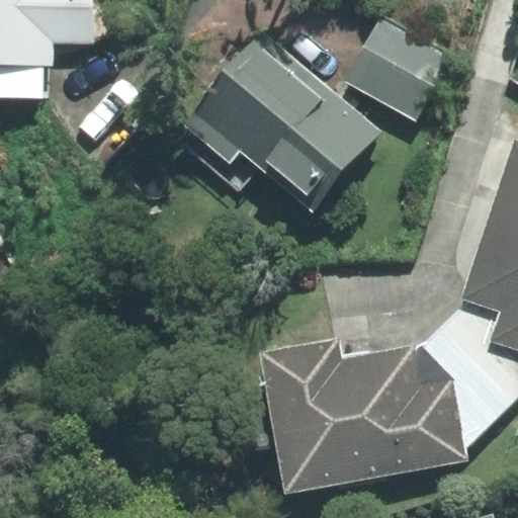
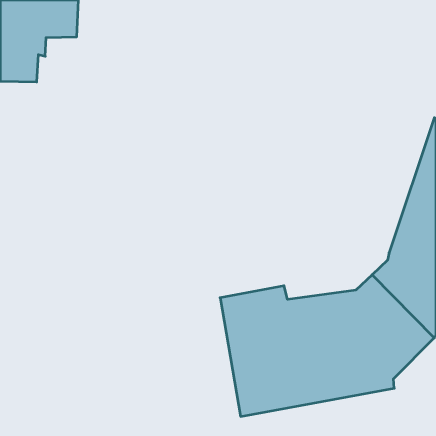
building: [346,19,449,119] -> none
building: [175,31,382,211] -> none

